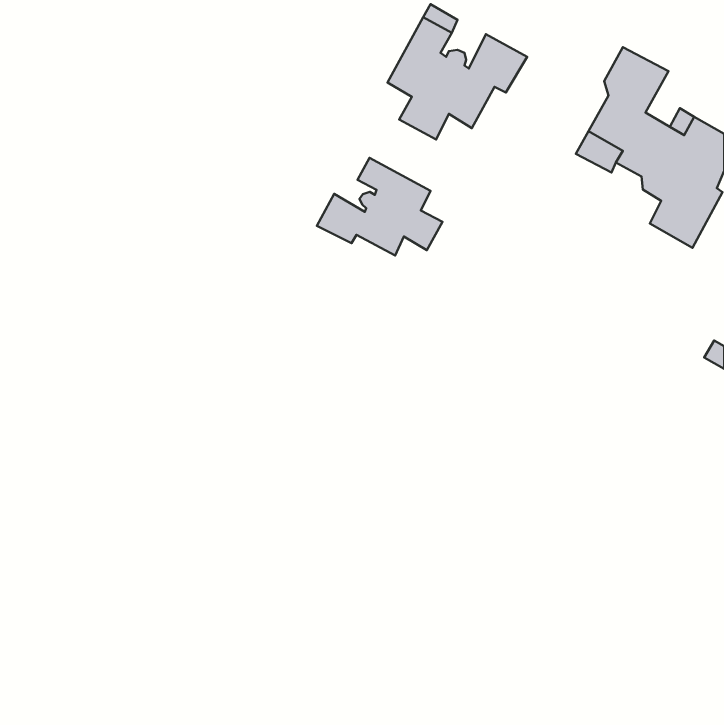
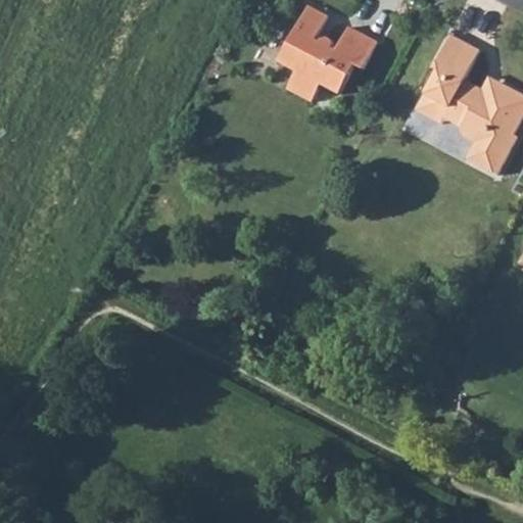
building: [317,158,442,255] -> none

